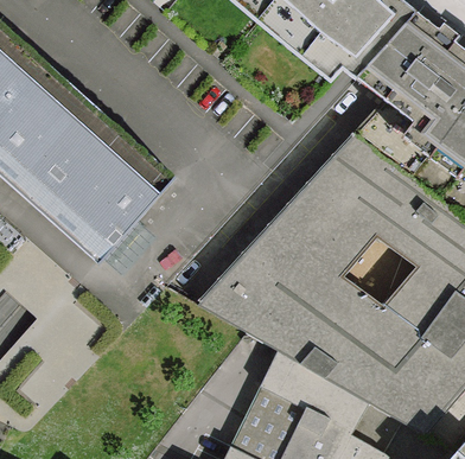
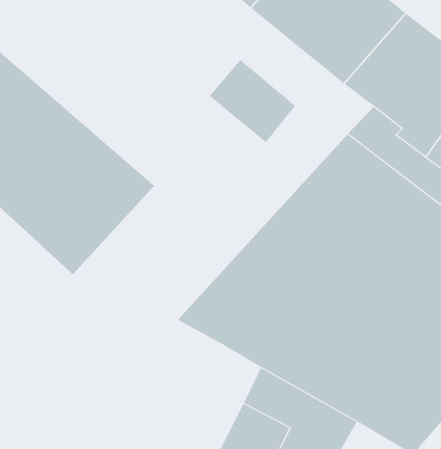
building: none -> [209,59,296,143]

